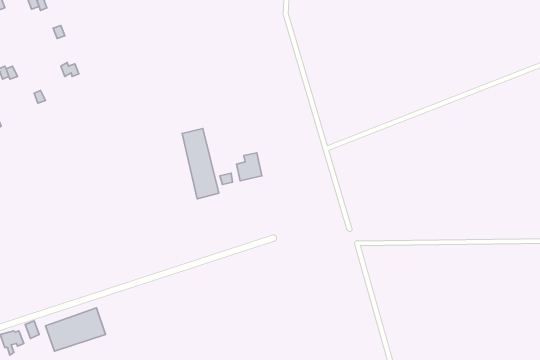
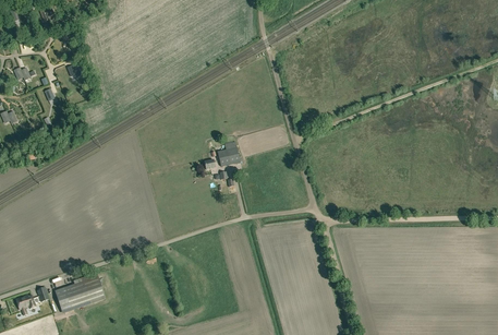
building: [182,129,219,199] -> none

